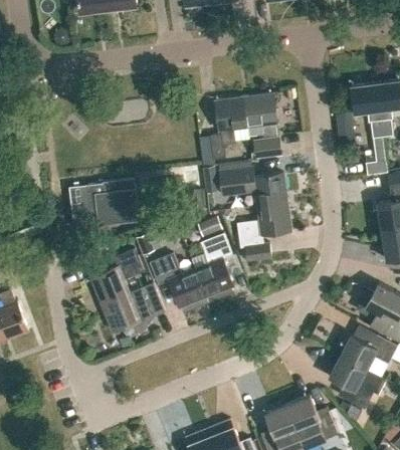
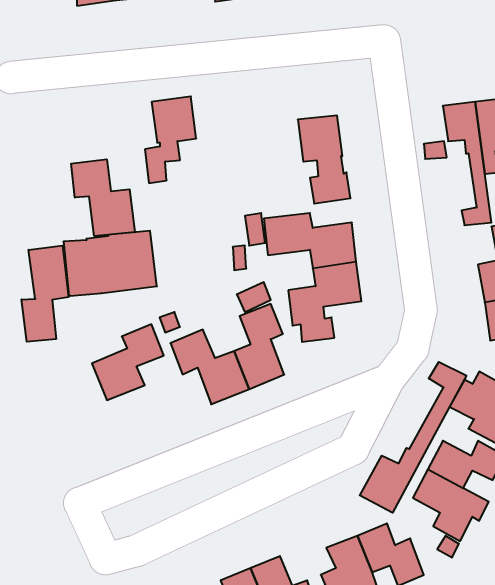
building: [209,96,247,161] -> [145,96,196,183]
building: none -> [71,159,135,236]
building: none -> [22,246,69,342]
building: none -> [360,362,466,513]
building: [102,284,165,333] -> none

